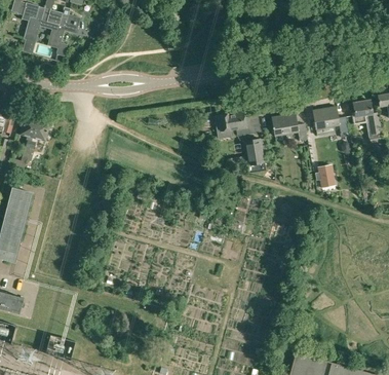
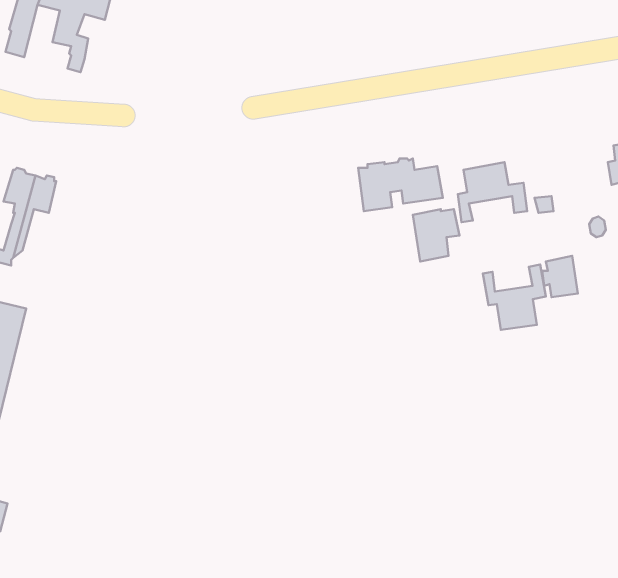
building: [313,105,340,127] -> none
building: none -> [483,265,546,330]

